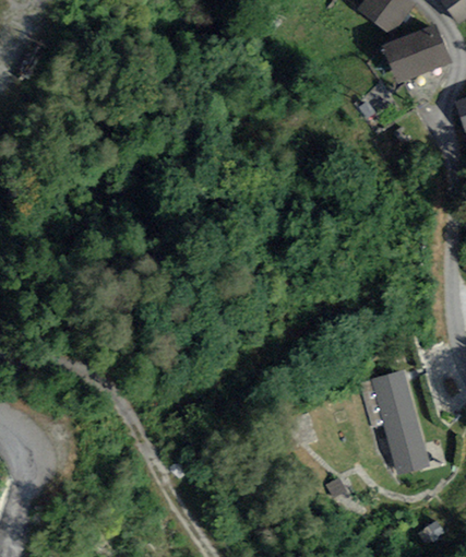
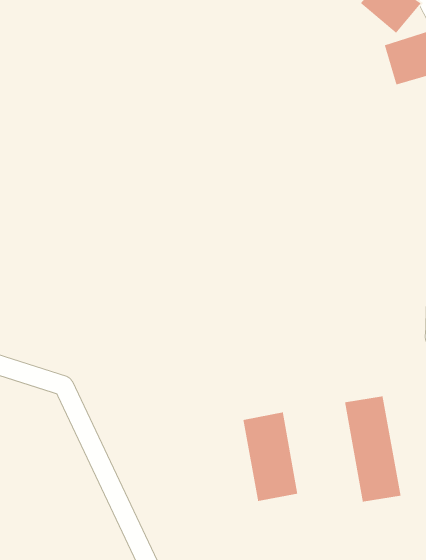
building: none -> [243,412,298,502]

